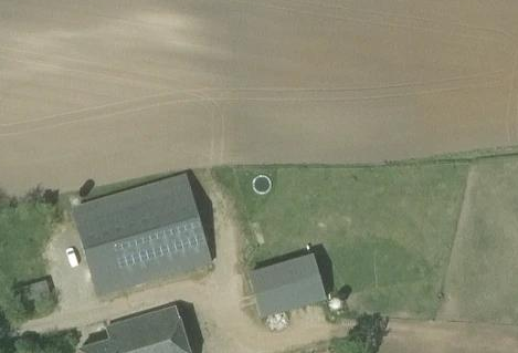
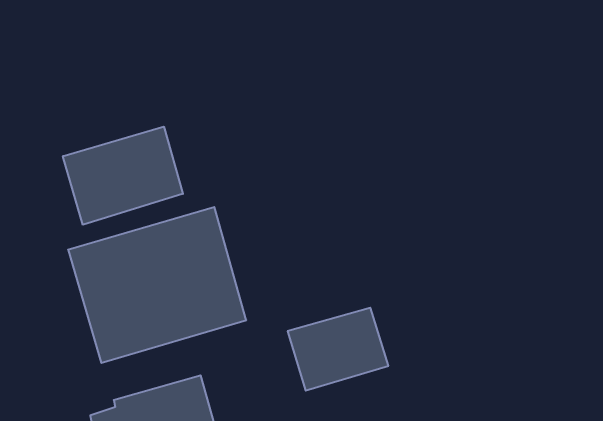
building: none -> [63,127,183,225]

